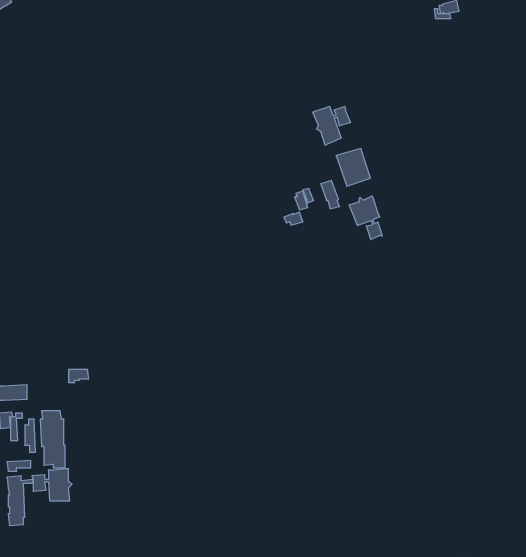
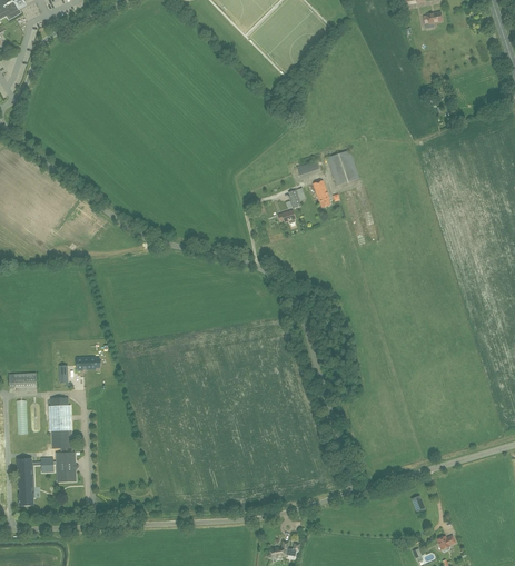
building: [313,106,350,145] -> none
building: [349,196,382,240] -> none

